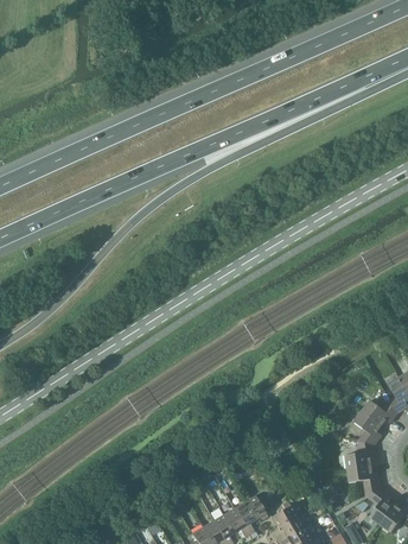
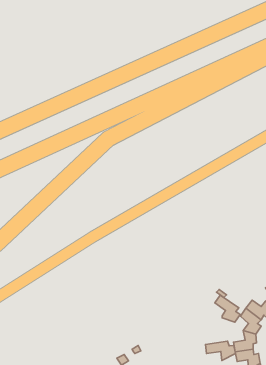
building: none -> [215,295,240,322]
building: none -> [206,341,236,360]

